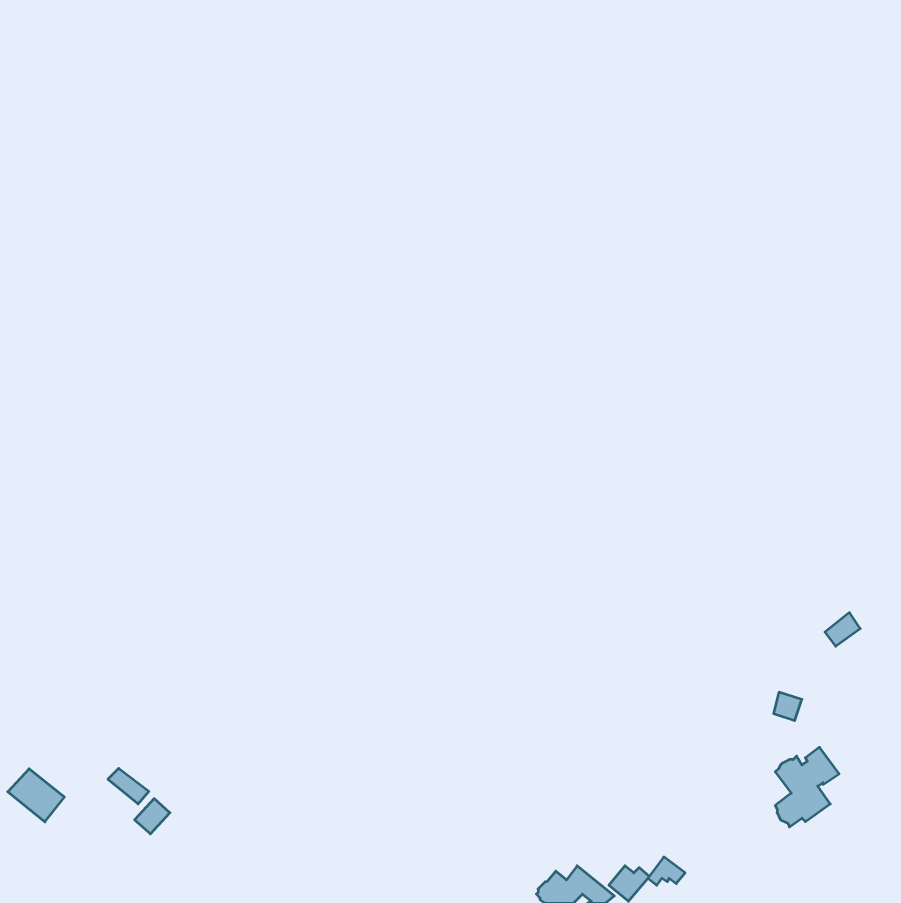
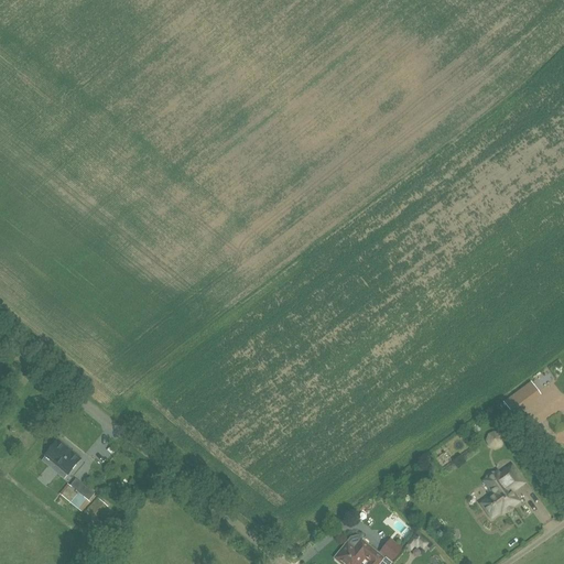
building: [8,769,64,822] -> [43,441,78,474]

